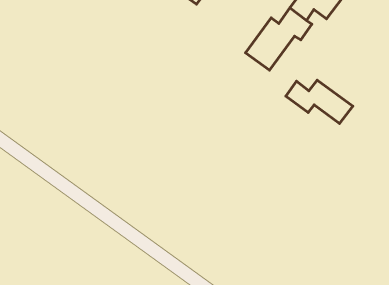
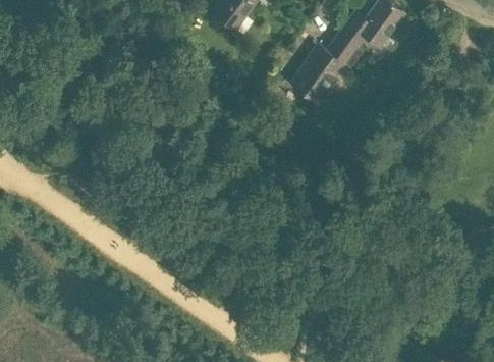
building: [286,80,353,124] -> none

